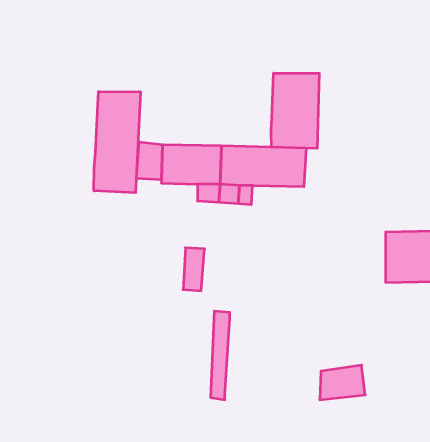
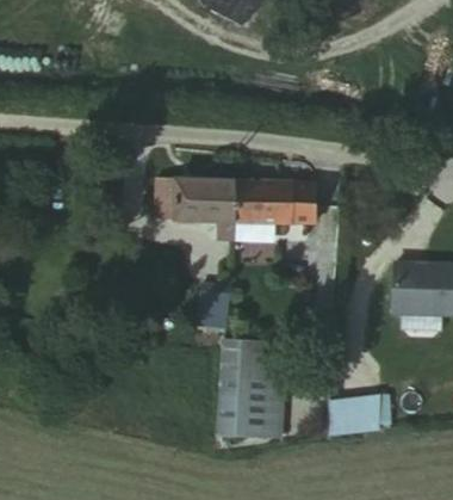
building: [271,73,319,148] -> none
building: [94,91,140,193] -> none
building: none -> [236,352,281,431]

